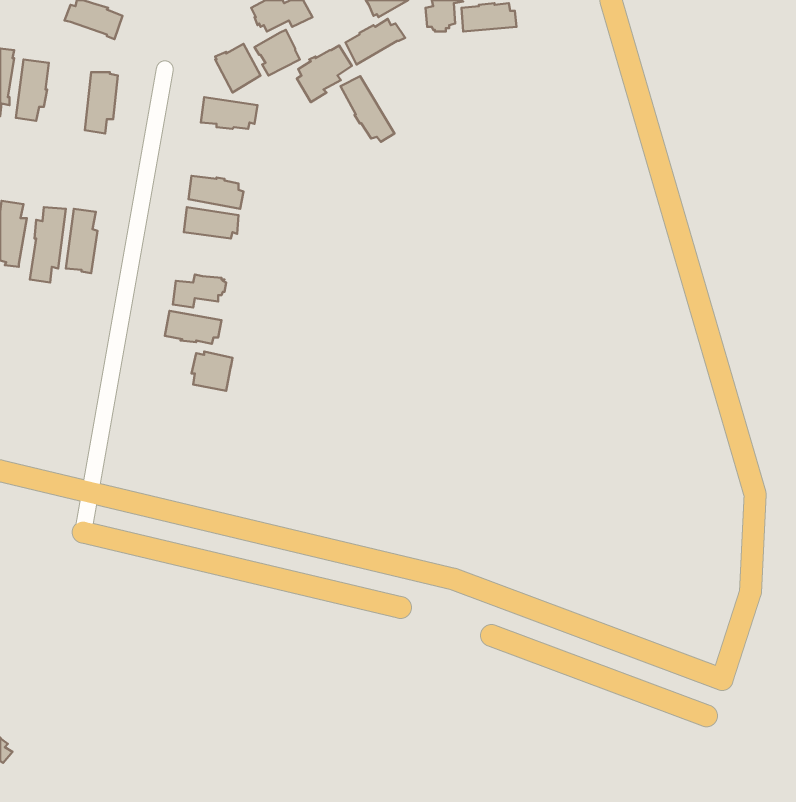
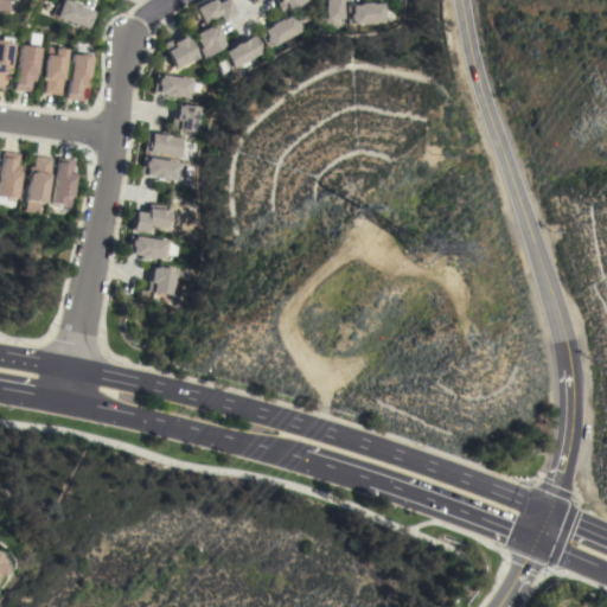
building: none -> [45,47,69,95]
building: [341,76,395,142] -> none
building: none -> [174,103,207,133]

